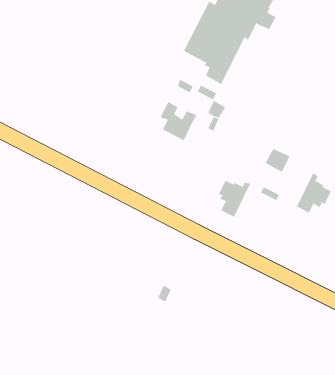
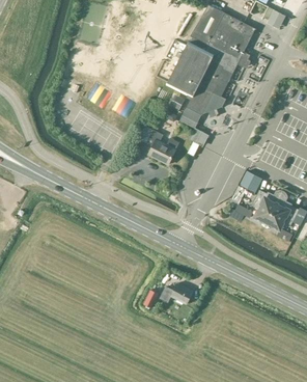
building: [218,180,251,218] -> [253,190,282,223]
building: none -> [160,283,193,304]

